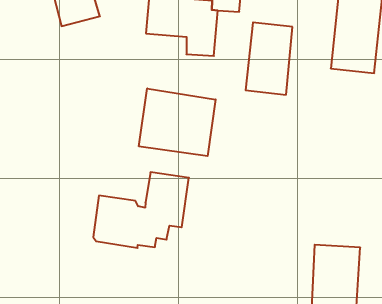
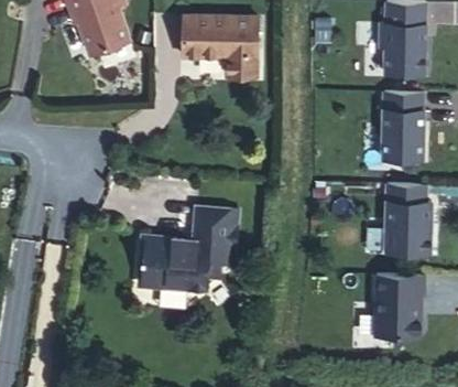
building: [246,22,292,95] -> [382,93,428,169]
building: [139,88,216,156] -> none
building: none -> [386,183,435,260]

